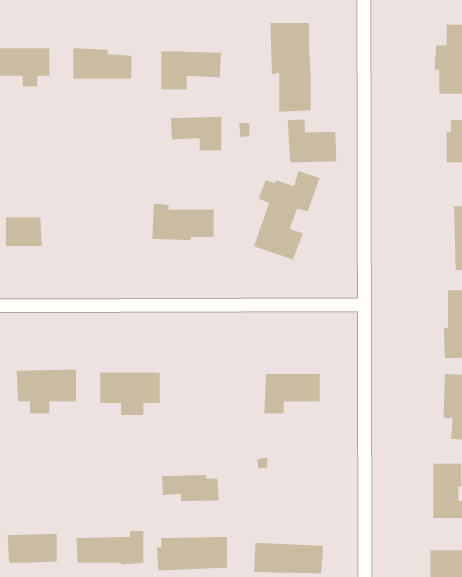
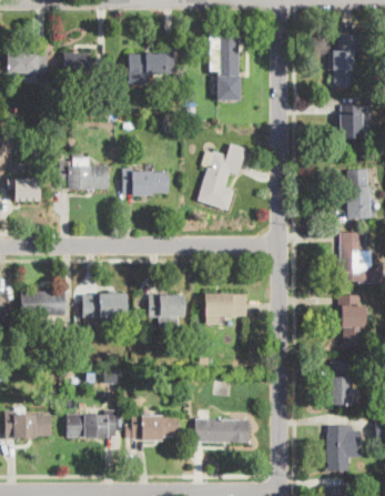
building: [170,116,222,151] -> none
building: [287,119,337,163] -> none
building: none -> [59,161,108,189]
building: none -> [148,294,183,326]
building: [161,474,219,502] -> none

